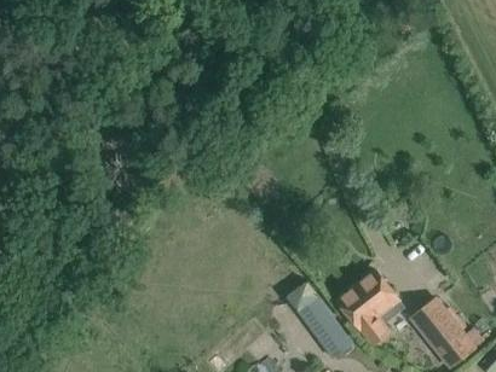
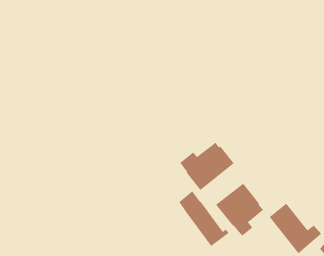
building: none -> [180,142,234,191]

